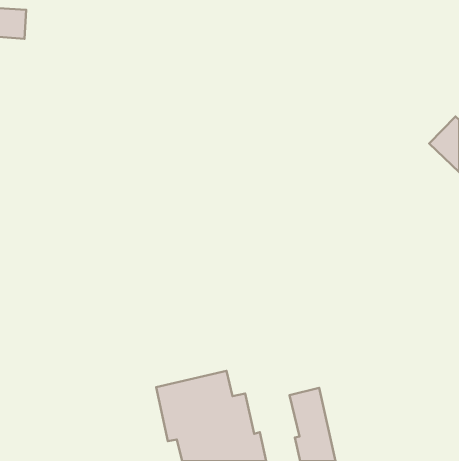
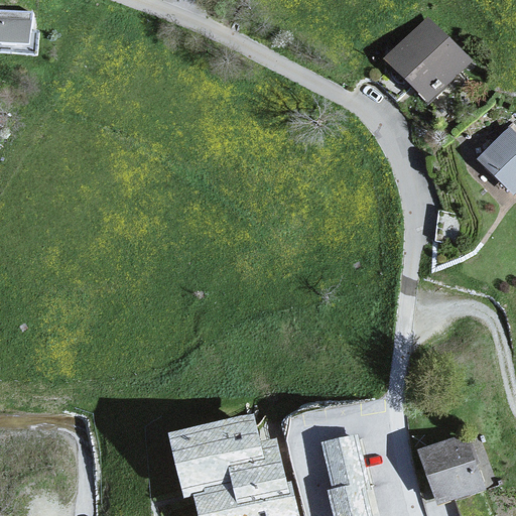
building: none -> [383,16,469,102]
building: none -> [420,440,482,507]

